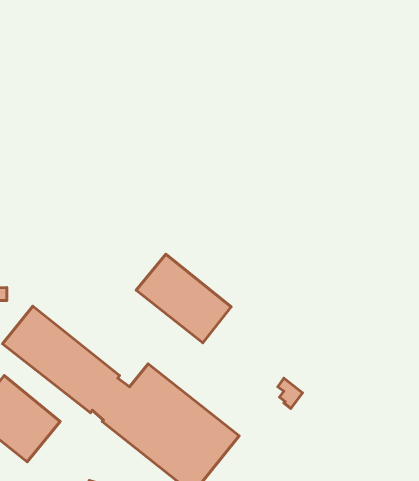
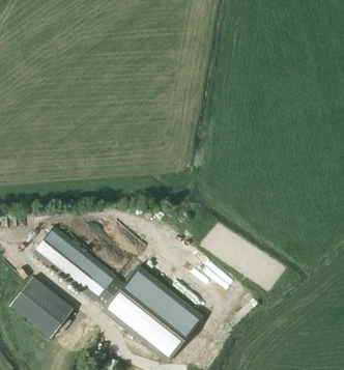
building: [136,254,231,343] -> none

